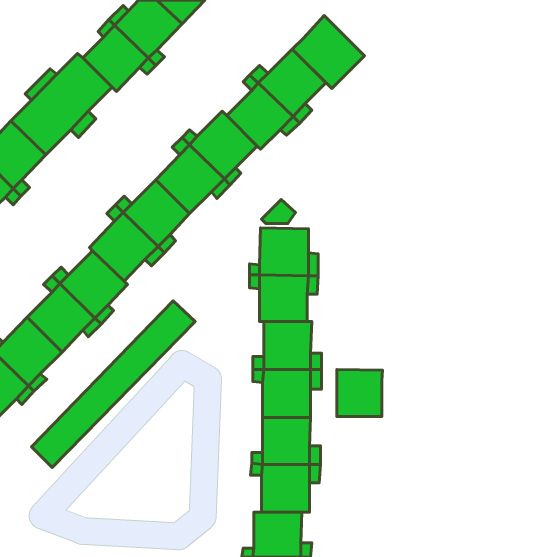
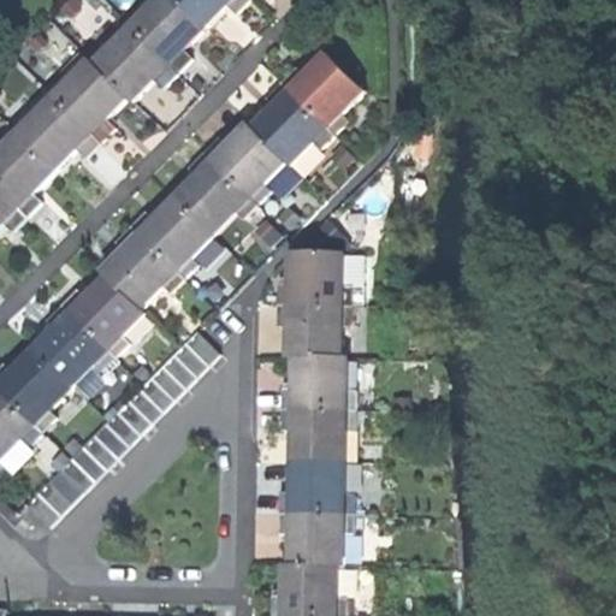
building: [292,15,365,89] -> none
building: [337,369,383,416] -> none

